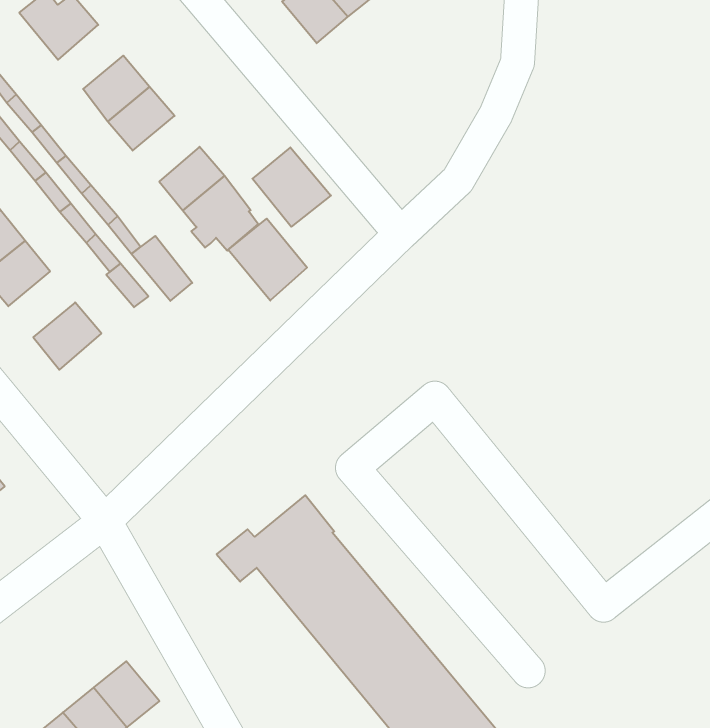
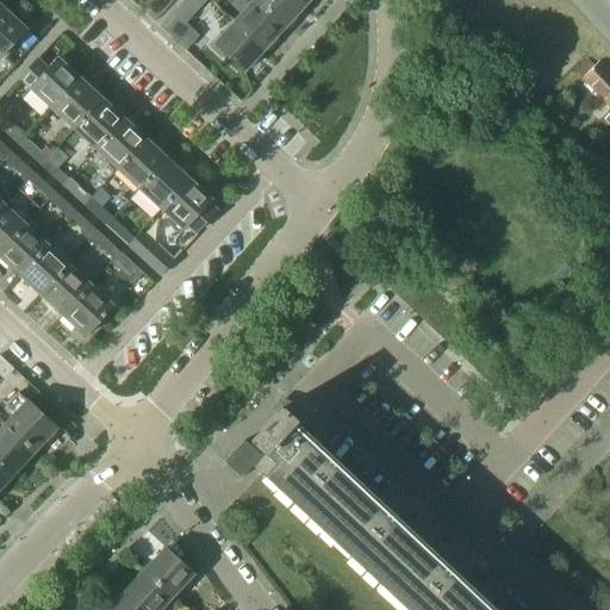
building: none -> [55,80,102,129]
building: none -> [119,139,168,189]
building: [252,147,331,227] -> none
building: [228,219,307,301] -> none
building: none -> [43,267,92,317]

